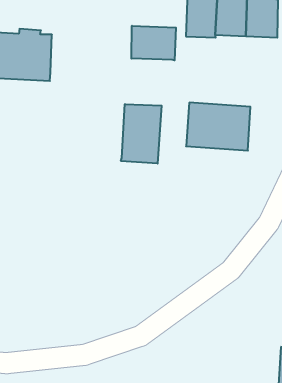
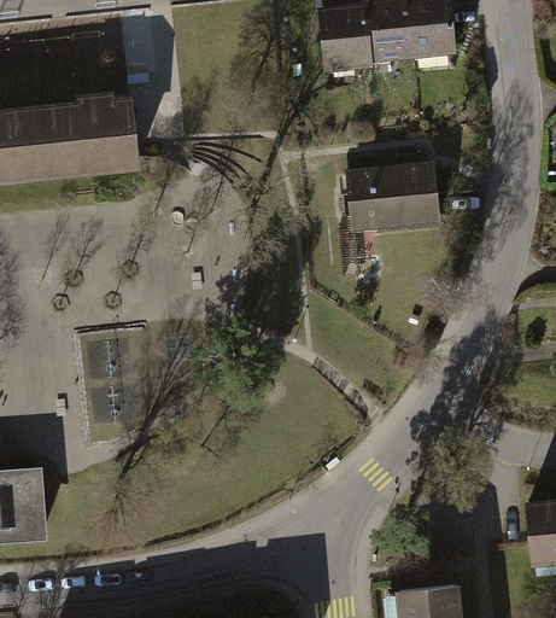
building: [131,26,176,60] -> none
building: [121,104,162,164] -> none

